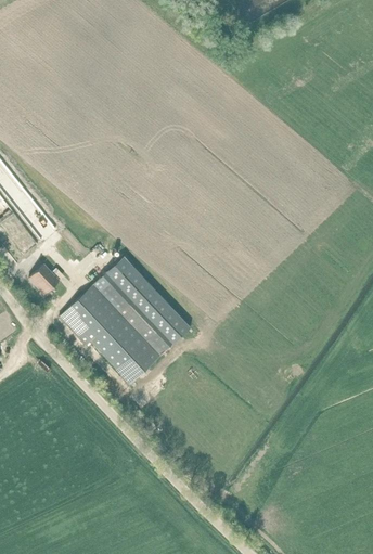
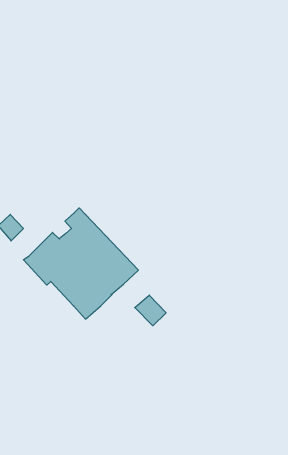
building: none -> [135,295,166,326]

